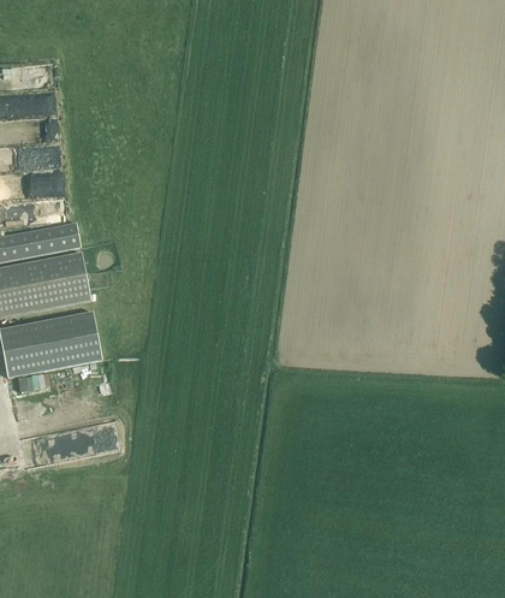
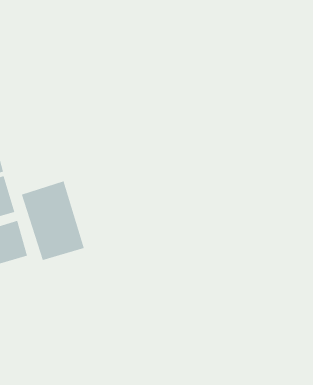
building: none -> [21,180,85,261]

